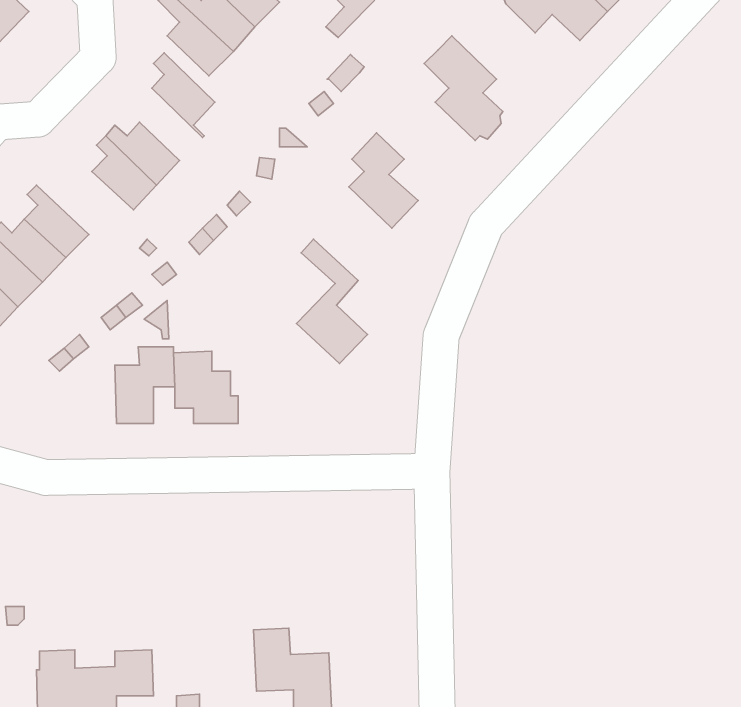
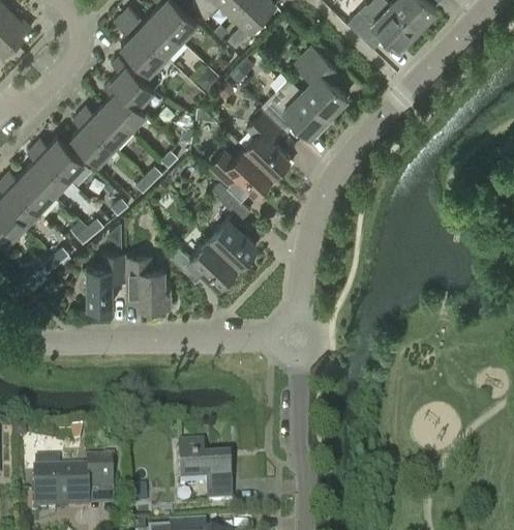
building: none -> [262,80,329,138]
building: none -> [103,83,146,131]
building: none -> [34,138,85,181]
building: none -> [209,149,273,195]
building: none -> [169,241,238,289]

